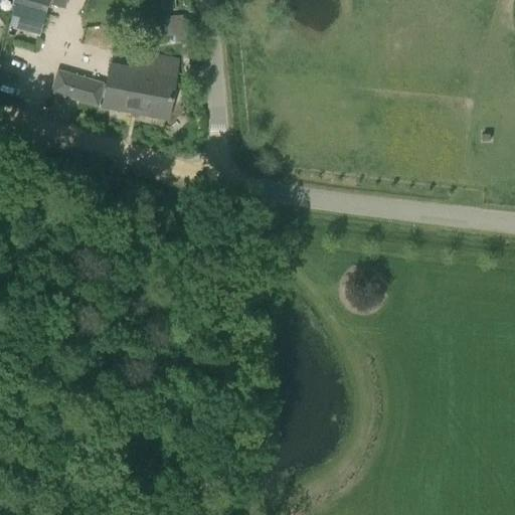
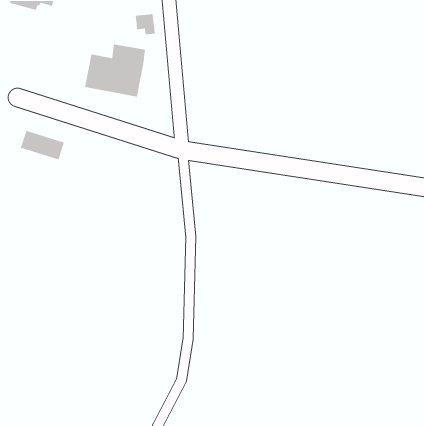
building: [10,5,47,34] -> none
building: [52,70,107,108] -> [20,130,65,161]

